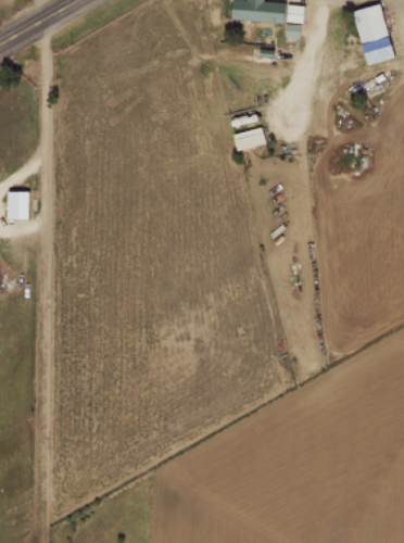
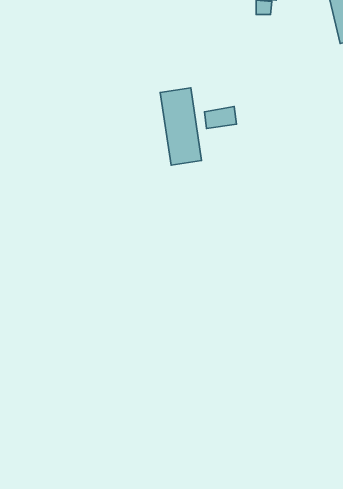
building: none -> [160,88,202,165]

